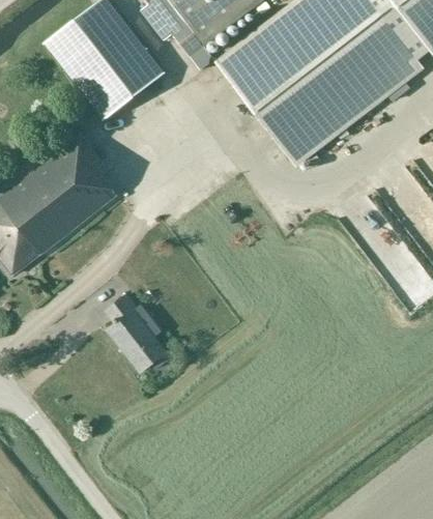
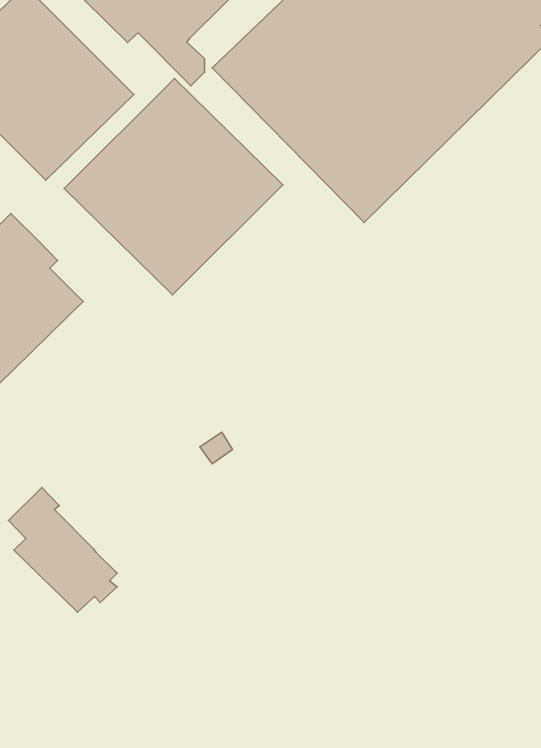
building: none -> [64,79,283,295]
building: [106,293,168,372] -> [8,487,117,612]

